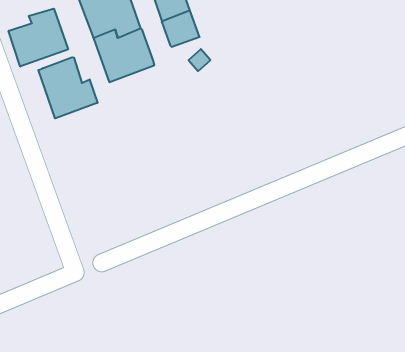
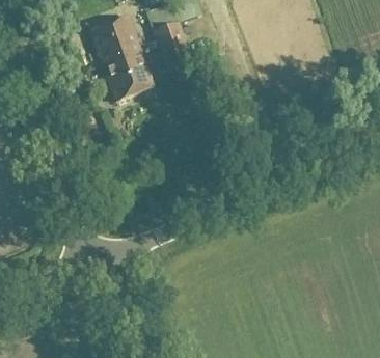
building: [9,9,68,67] -> none
building: [38,57,98,118] -> none

